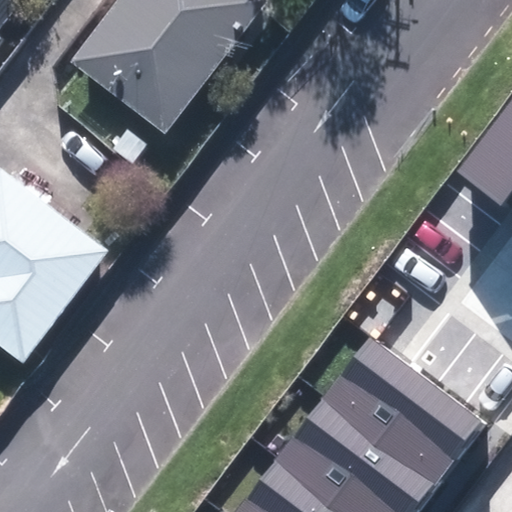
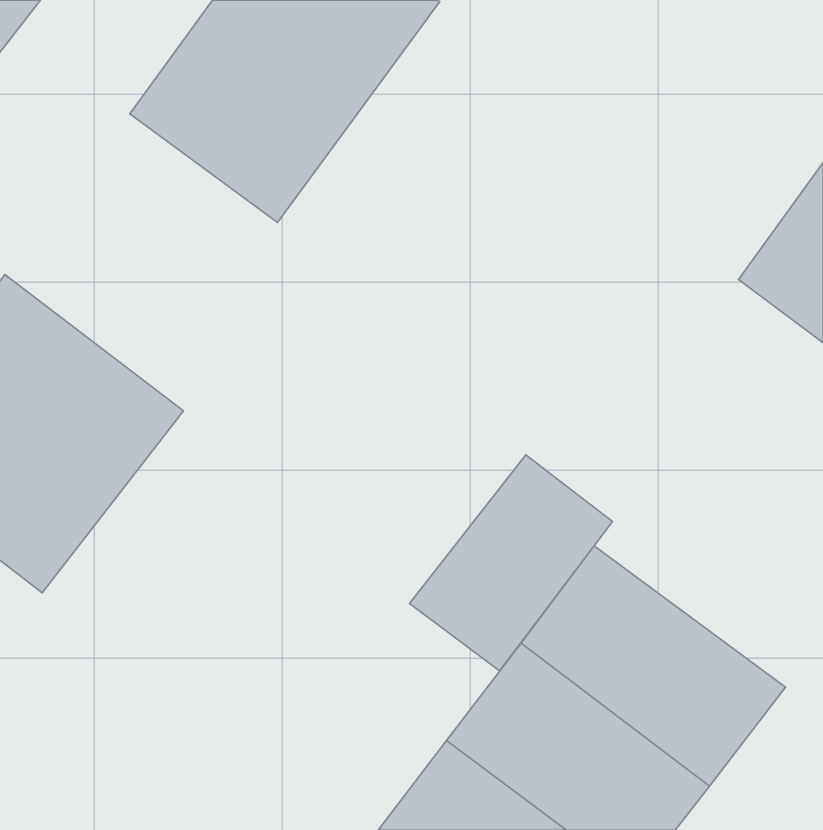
building: none -> [410,455,613,671]

